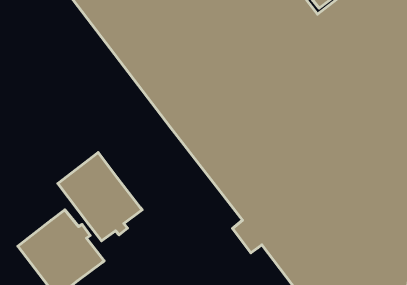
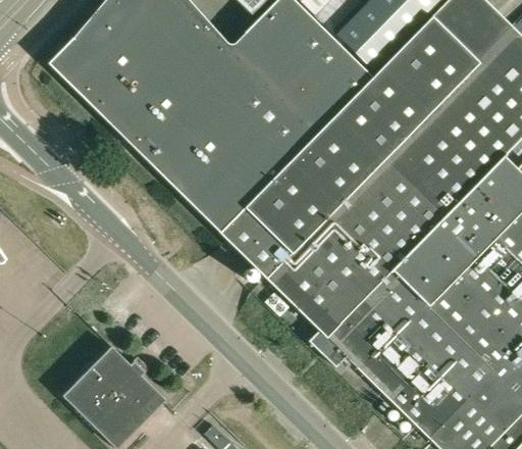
building: [58,152,142,241] -> none

